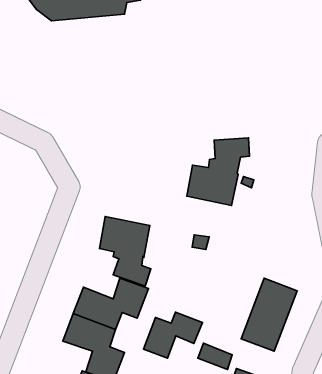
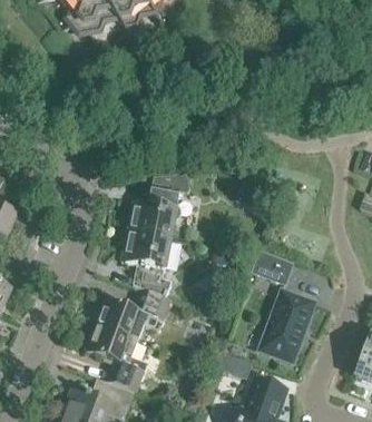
building: [187,138,250,205] -> [127,171,188,237]
building: none -> [252,249,292,282]
building: [143,312,203,358] -> none

